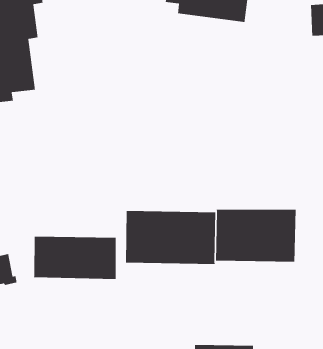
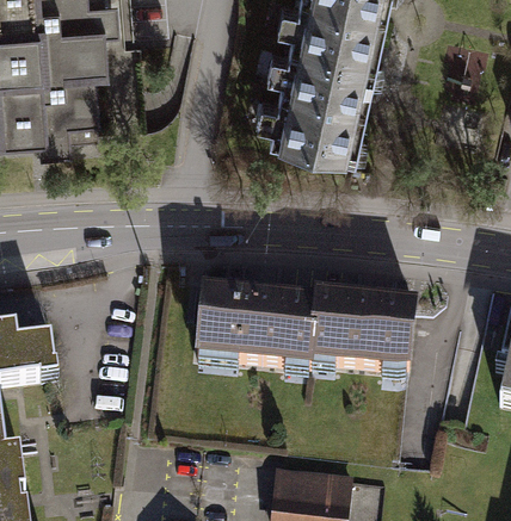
building: none -> [252,50,371,163]
building: [33,236,117,280] -> none

